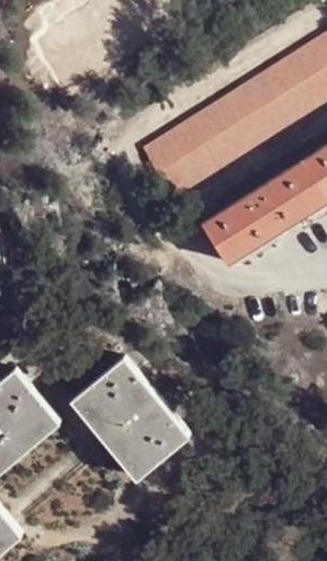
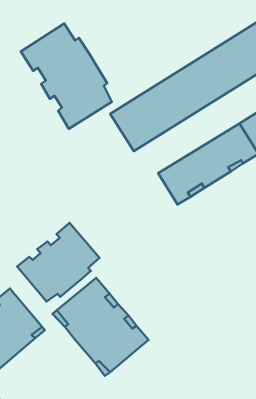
building: none -> [21,24,112,129]
building: none -> [17,223,100,302]

